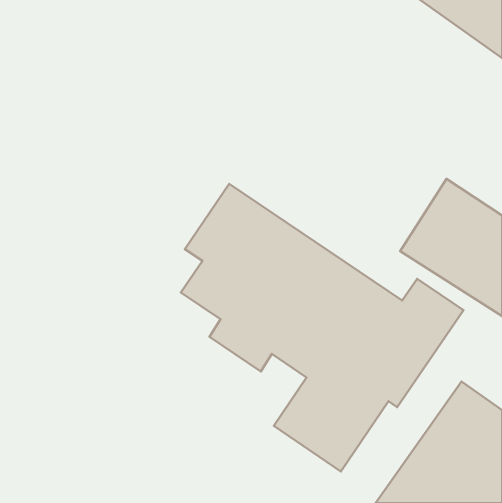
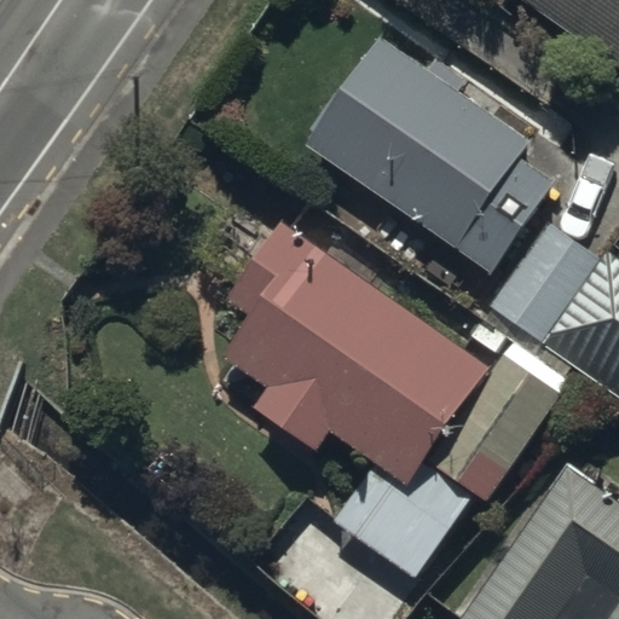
building: none -> [305,39,559,278]

